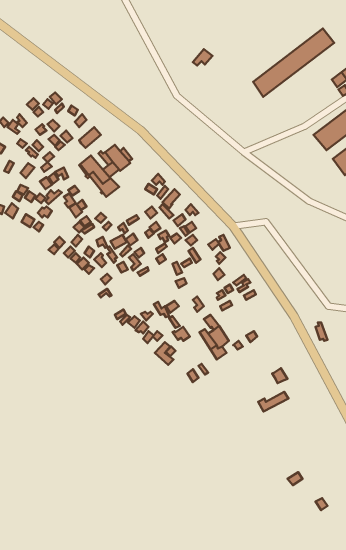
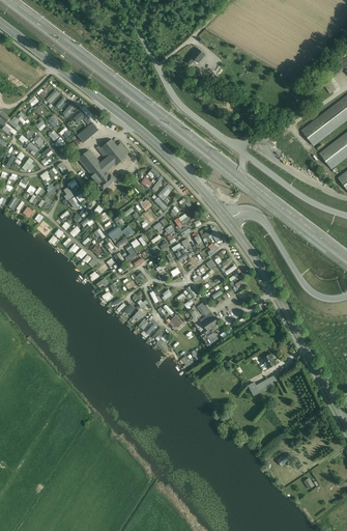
building: [253,29,334,97] -> none

